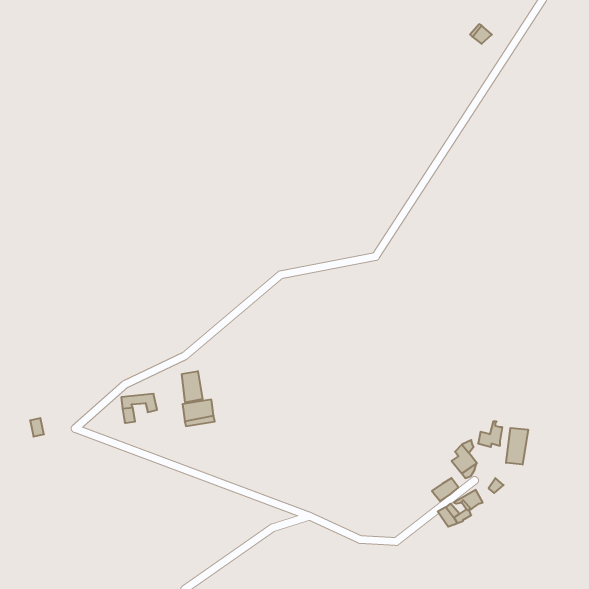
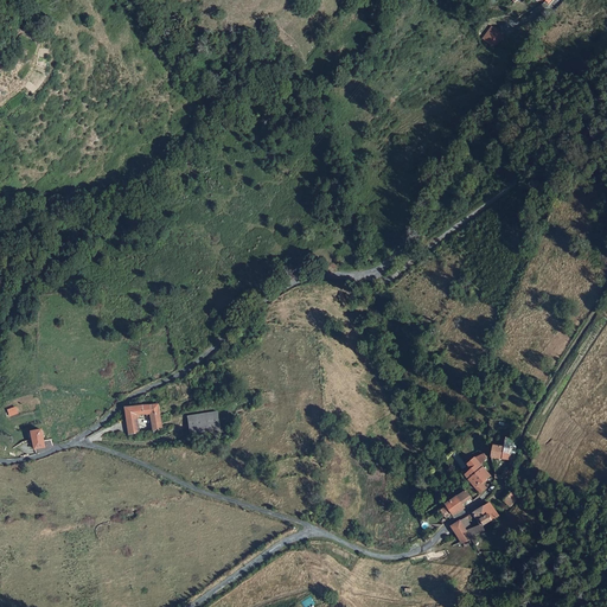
building: [182,371,202,402] -> none
building: [506,428,528,465] -> none

